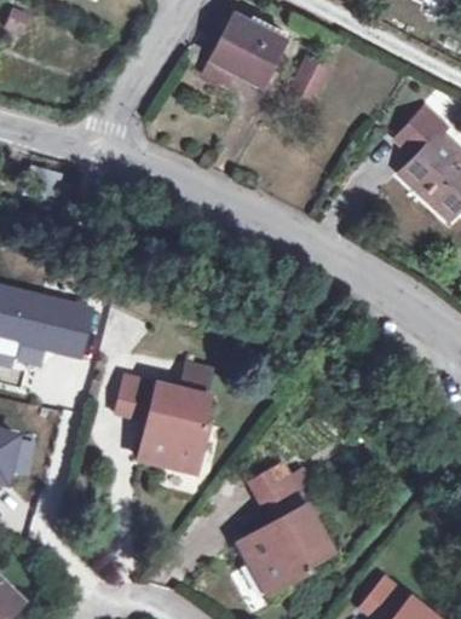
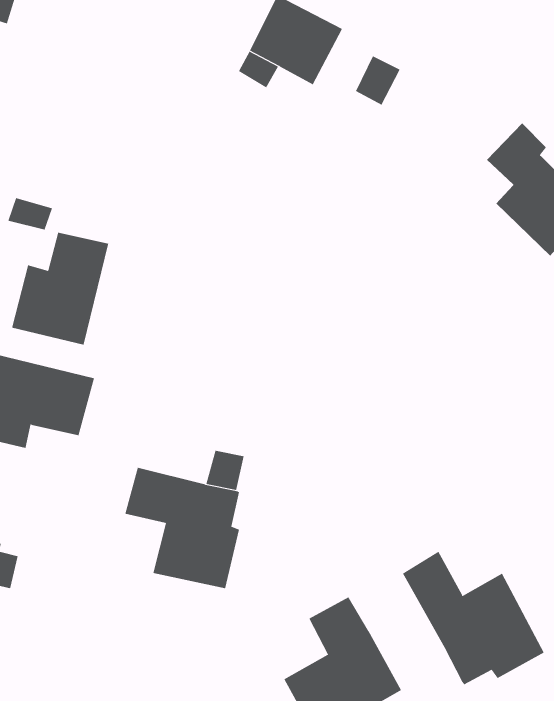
building: none -> [12,232,109,346]
building: none -> [402,551,544,685]

